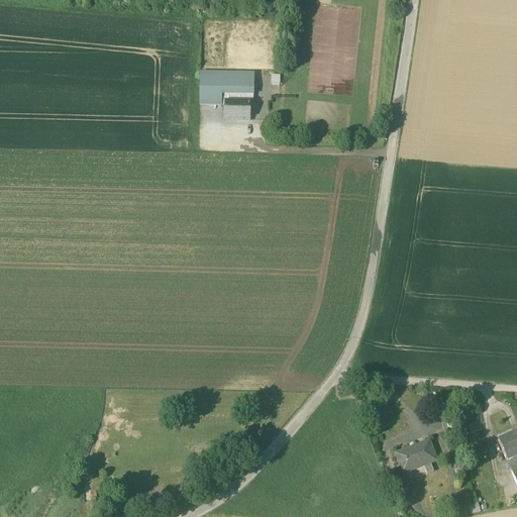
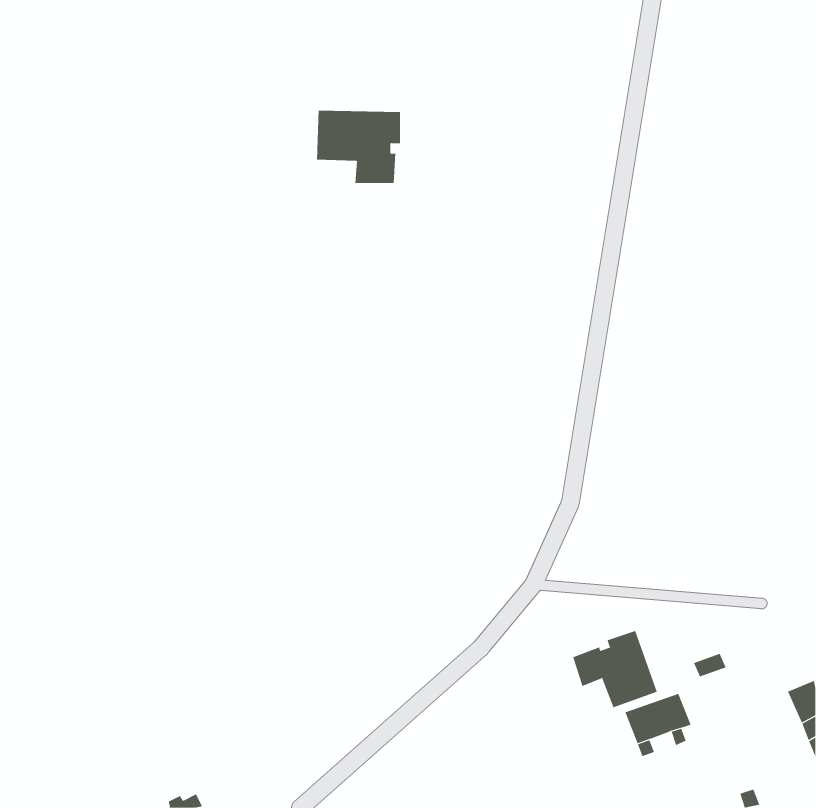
building: none -> [572,630,657,708]

